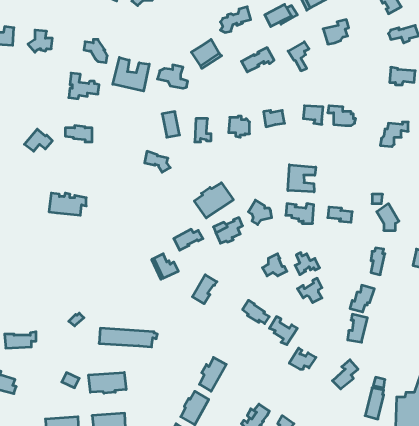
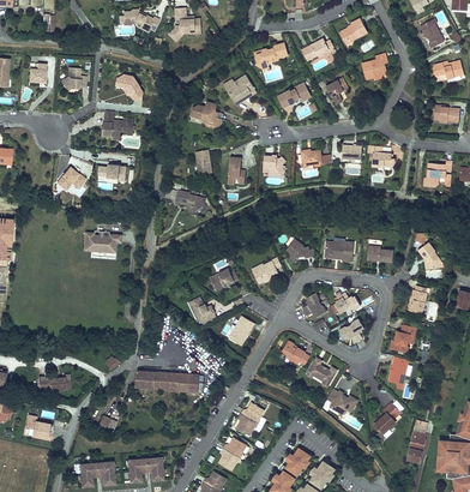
building: [113,57,149,91] -> none
building: [288,165,316,192] -> none
building: [194,183,233,218] -> none
building: [89,372,126,393] -> none

